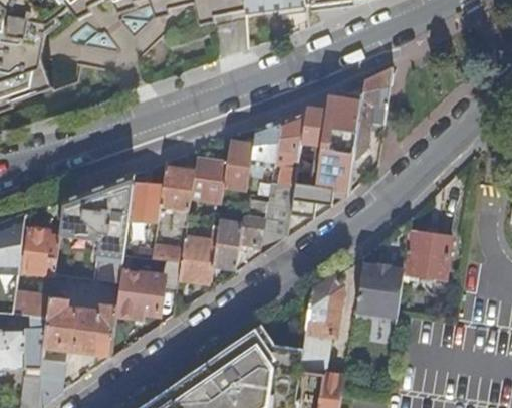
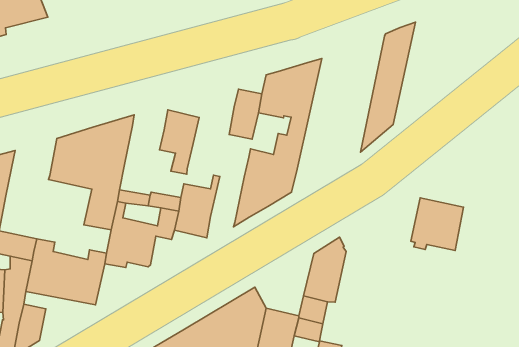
building: [290,82,363,217] -> none
building: [191,155,227,202] -> none
building: [127,183,163,221] -> none
building: [354,216,410,318] -> none
building: [212,220,241,267] -> none
building: [22,222,58,274] -> none

